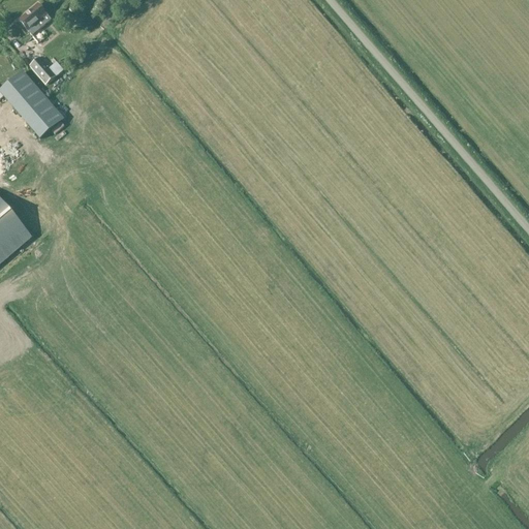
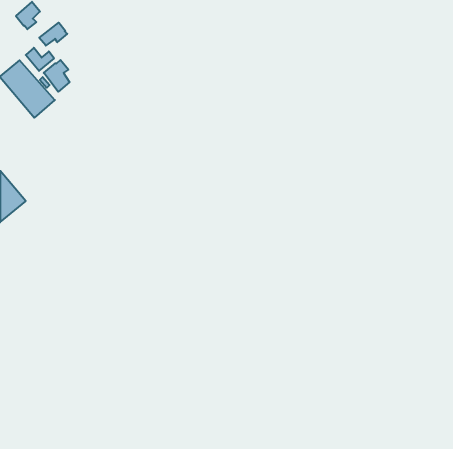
building: none -> [39,23,67,46]
building: none -> [44,60,70,92]

